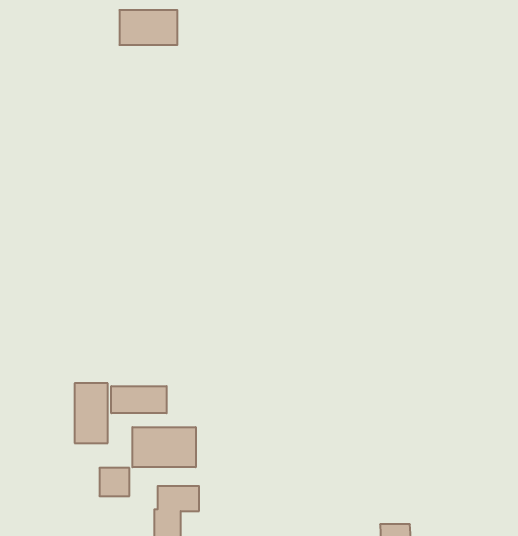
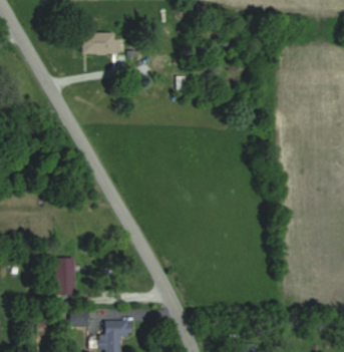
building: [111,386,167,413] -> none
building: [132,427,196,467] -> none

